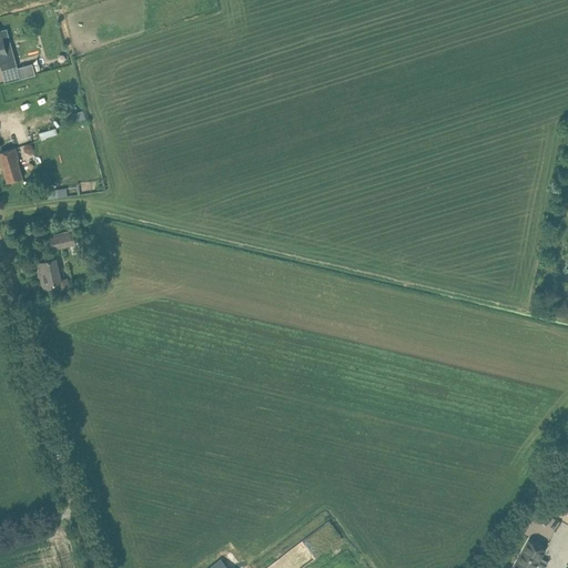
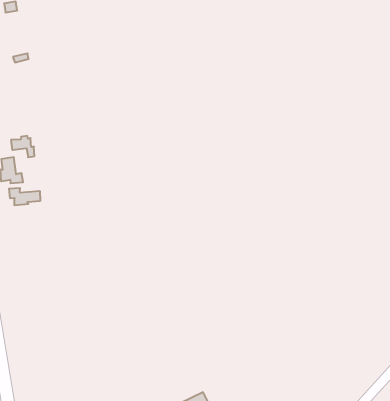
building: none -> [9,188,40,205]

